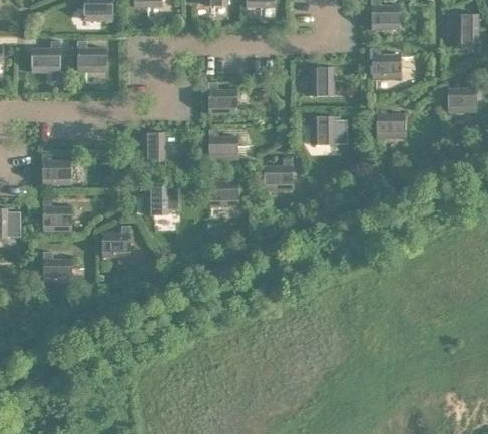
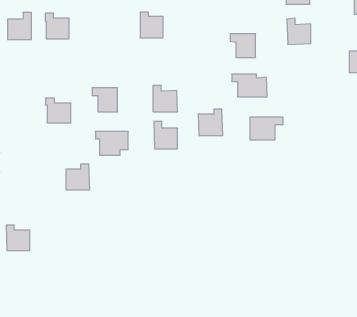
building: [208,81,236,112] -> [140,12,163,38]
building: [376,105,406,138] -> none
building: [40,153,71,183] -> [45,98,71,123]
building: none -> [250,117,283,140]
building: [41,197,72,230] -> none
building: [43,251,72,282] -> [6,225,30,251]

